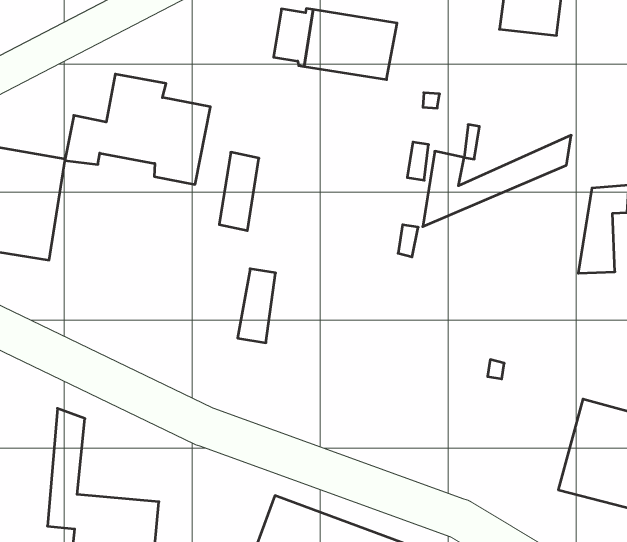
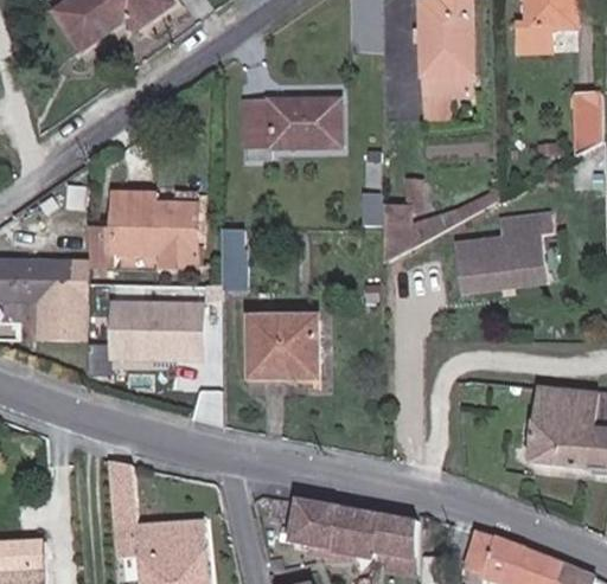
building: none -> [455,212,519,293]
building: none -> [110,302,203,368]
building: none -> [273,322,320,380]

